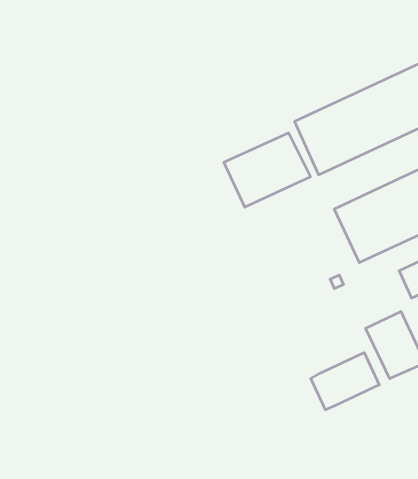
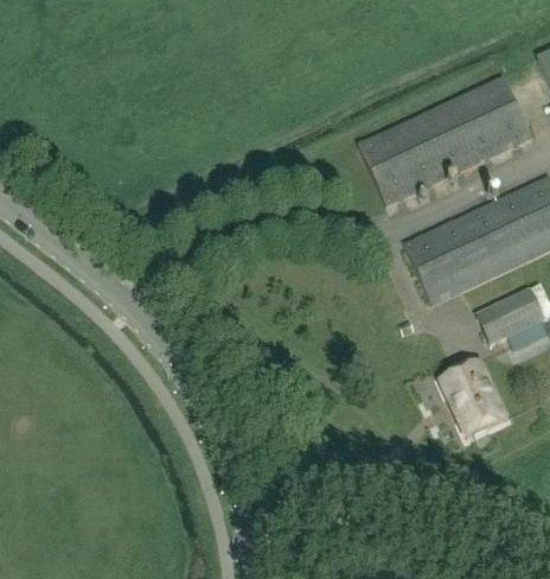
building: [224,133,310,207] -> none
building: [311,353,379,410] -> none

